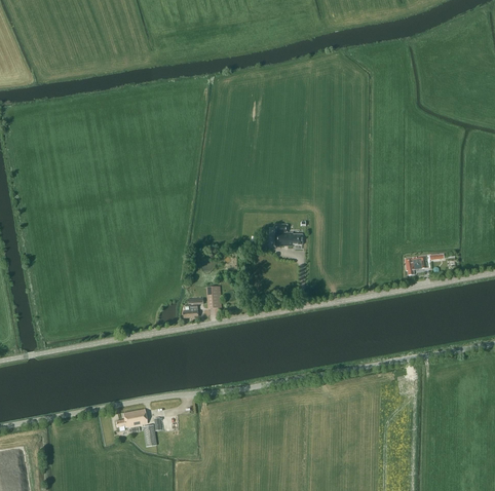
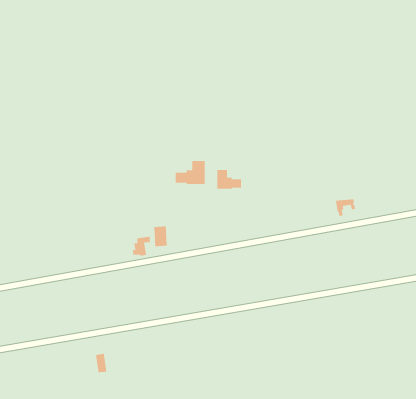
building: none -> [175,160,205,185]
building: [116,409,147,427] -> none

